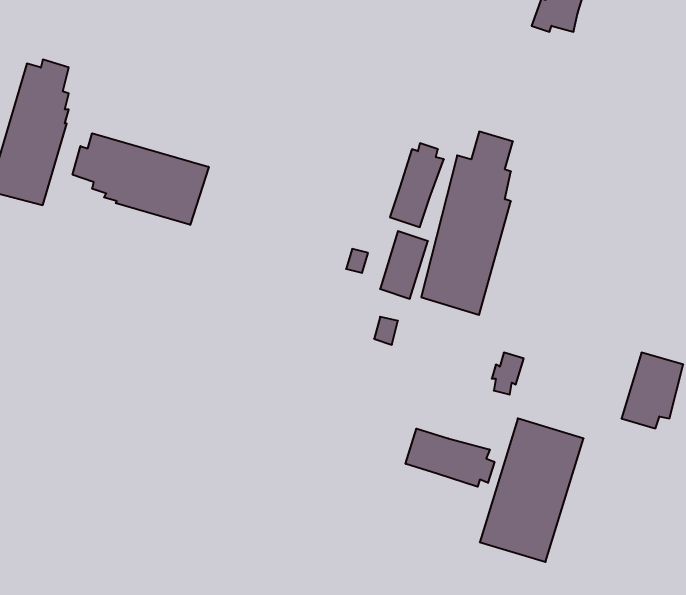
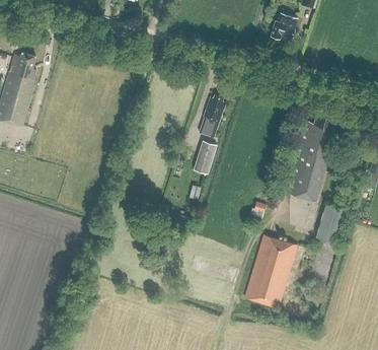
building: [421,132,513,315] -> [289,109,335,202]
building: [73,133,209,225] -> none
building: [406,429,494,487] -> none

